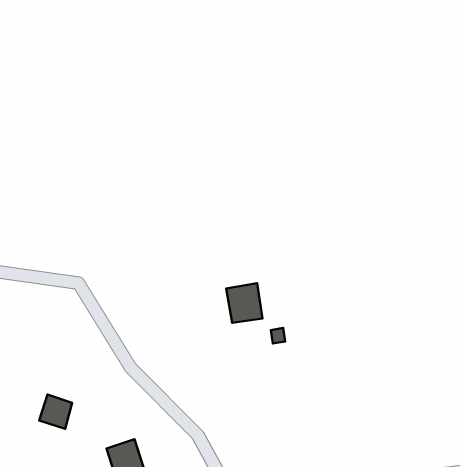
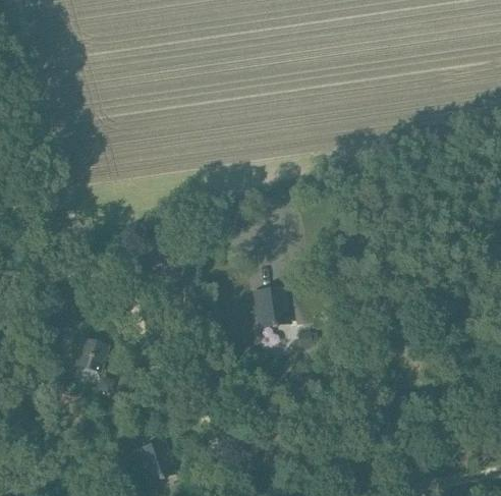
building: [39,394,72,429] -> [71,341,104,375]

